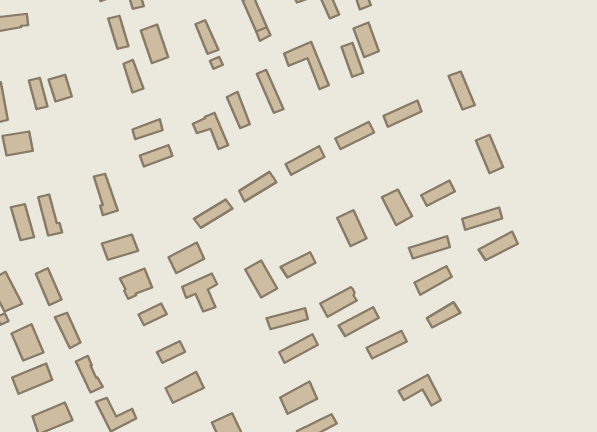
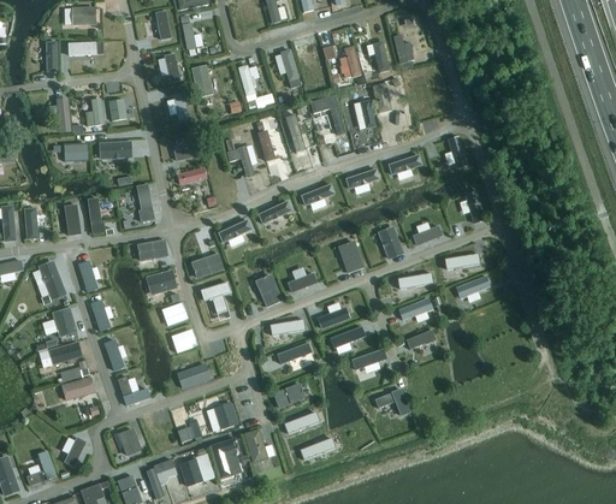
building: none -> [99,141,131,160]

